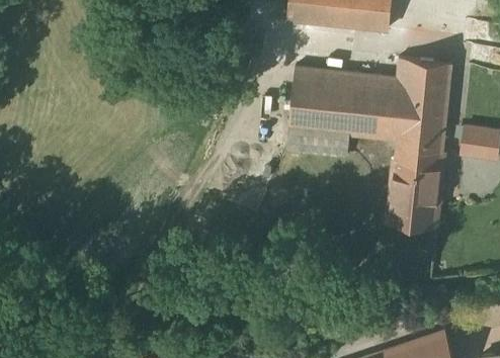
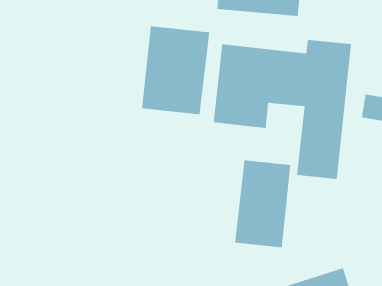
building: none -> [142,26,210,115]
building: none -> [234,159,291,248]

